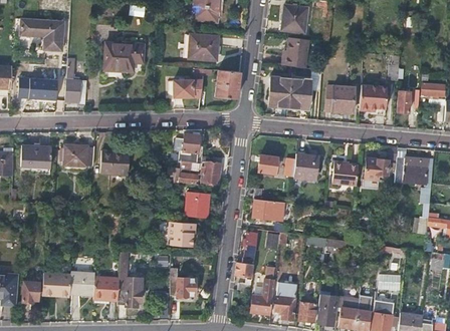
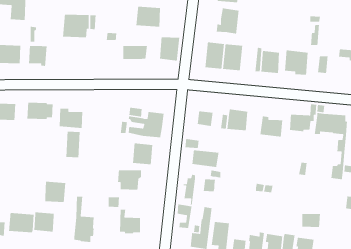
building: [174,133,199,152] -> none
building: none -> [66,131,81,158]
building: [94,276,120,301] -> [44,181,66,203]

